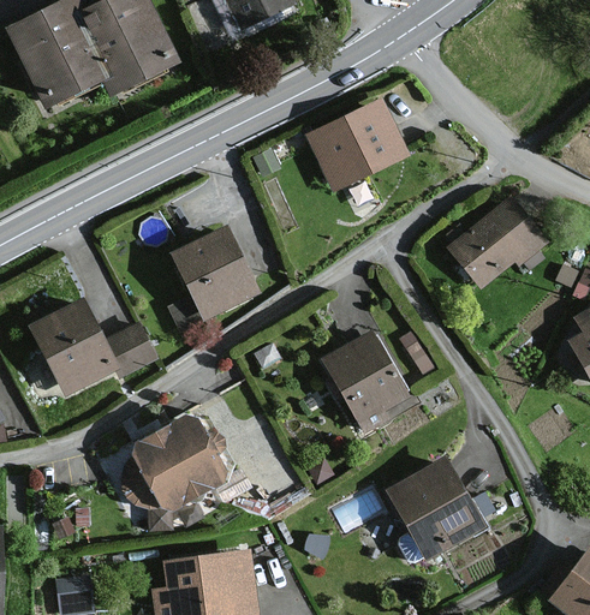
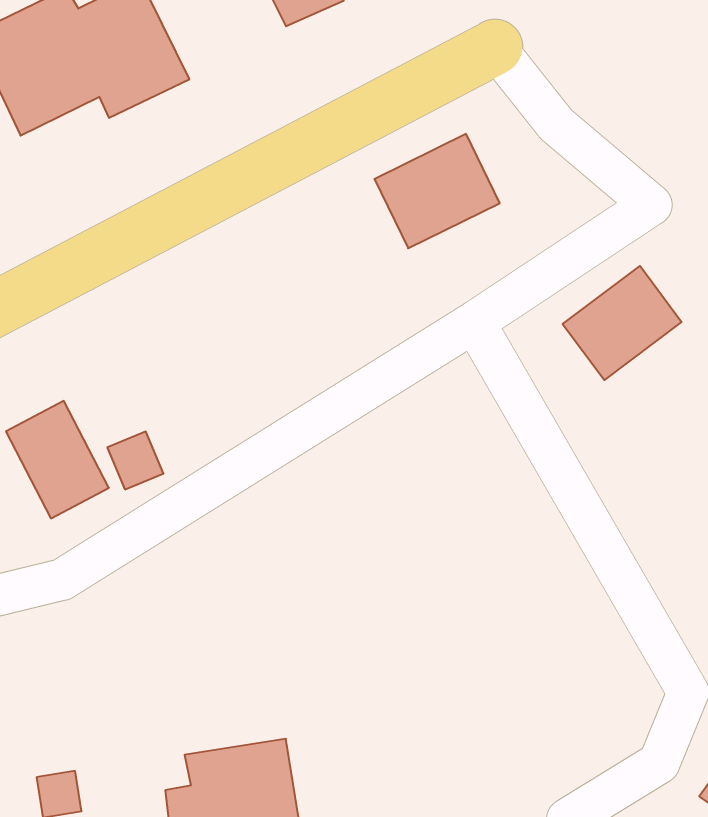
building: [179,228,255,312] -> none
building: [329,335,410,426] -> none
building: [127,416,227,510] -> none
building: [392,462,482,559] -> none

